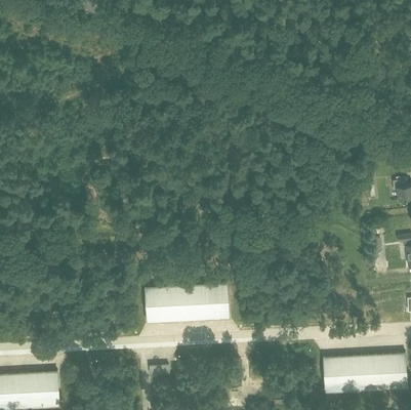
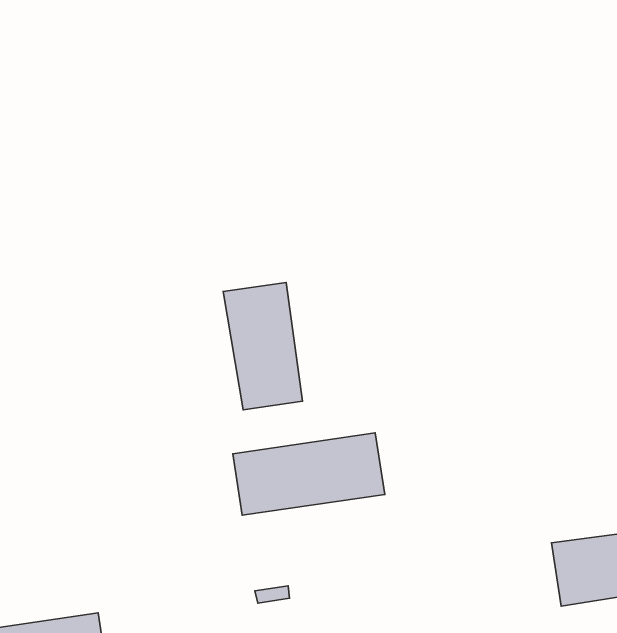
building: none -> [223,282,303,410]

